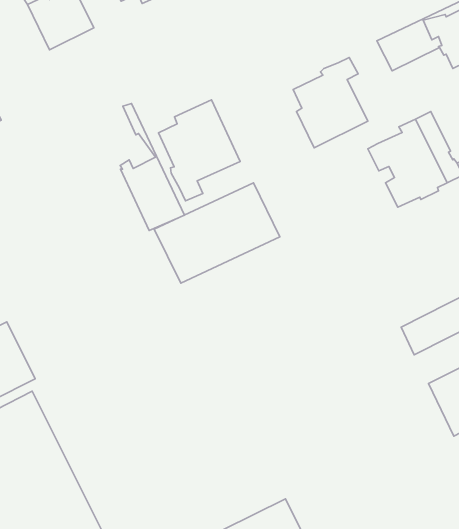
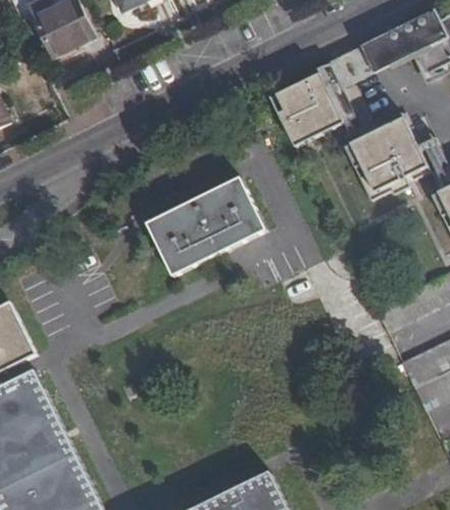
building: none -> [315,48,376,143]
building: [158,100,240,201] -> none
building: [120,103,184,230] -> none

